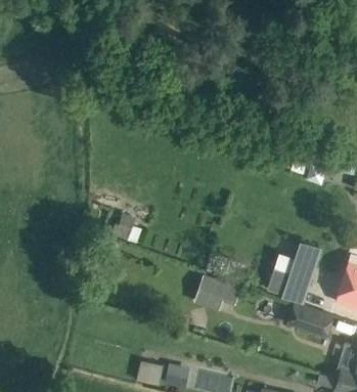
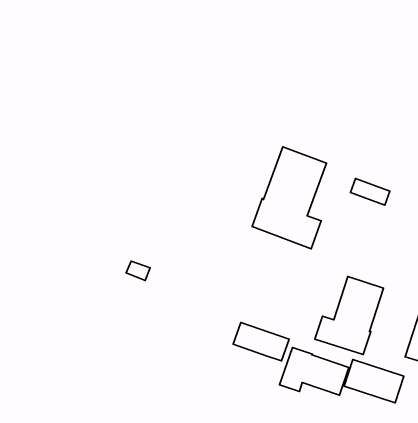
building: none -> [252,147,327,249]
building: none -> [280,348,349,395]

